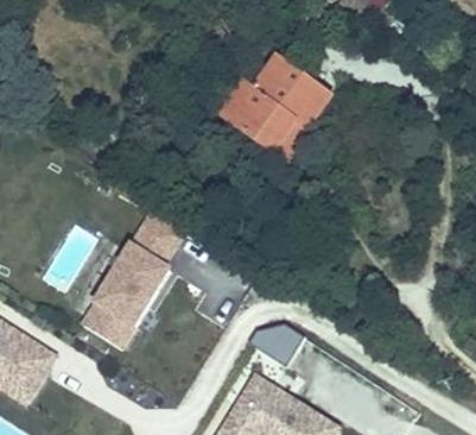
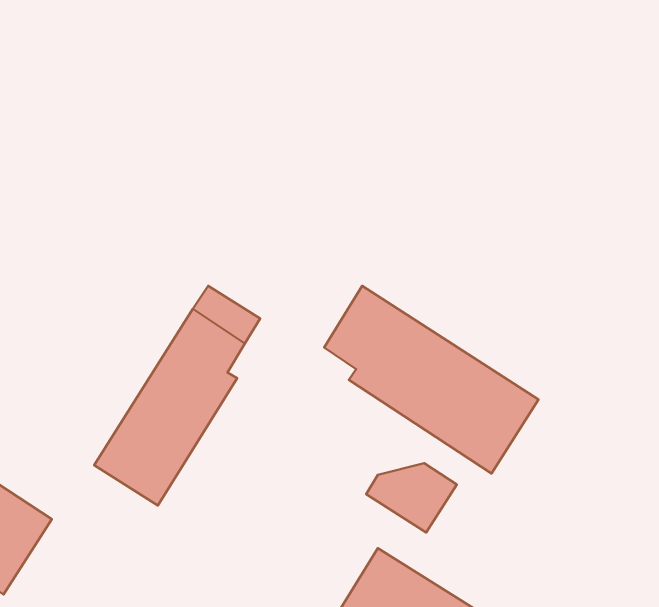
building: [217,53,332,155] -> none
building: none -> [324,286,539,473]

